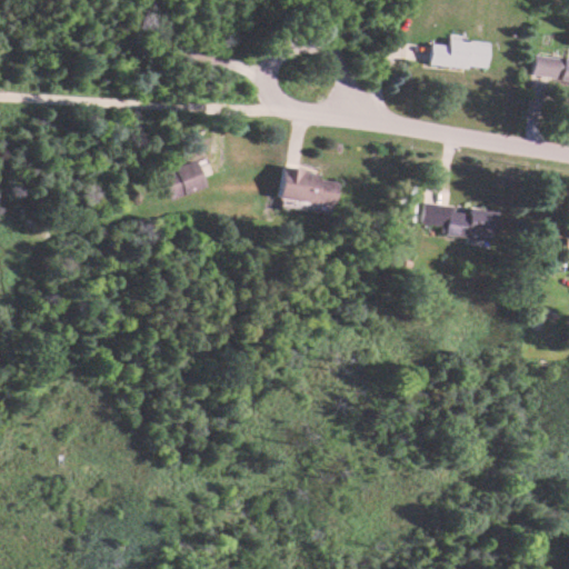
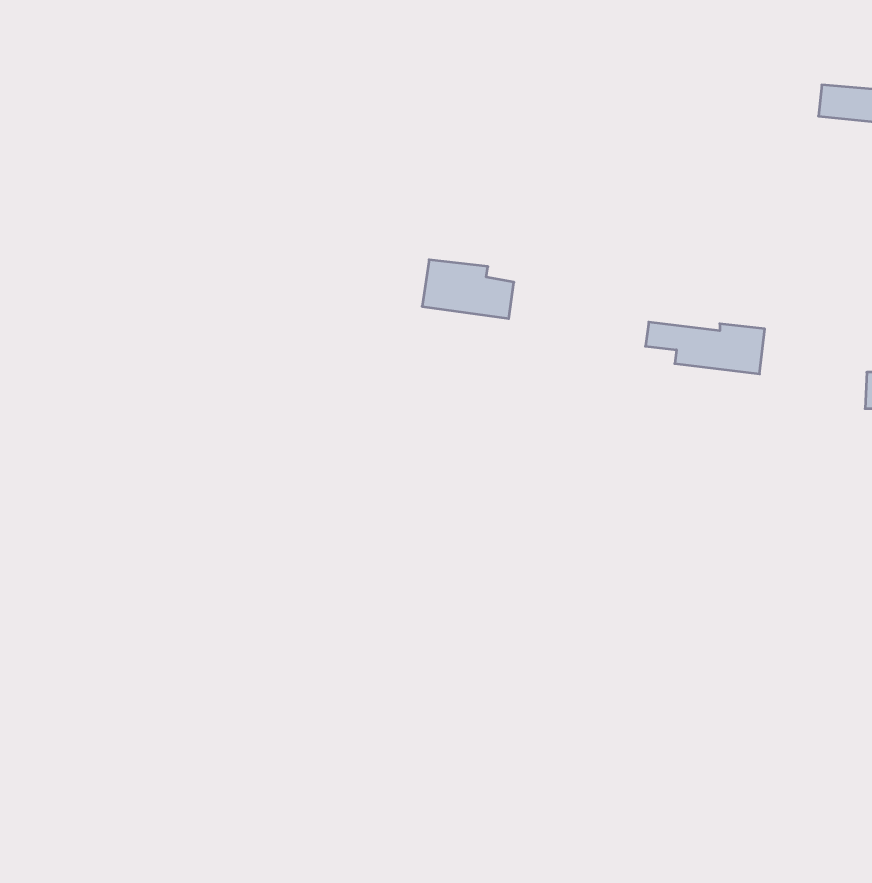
building: [431,38,491,70] -> none
building: [161,160,208,200] -> none

